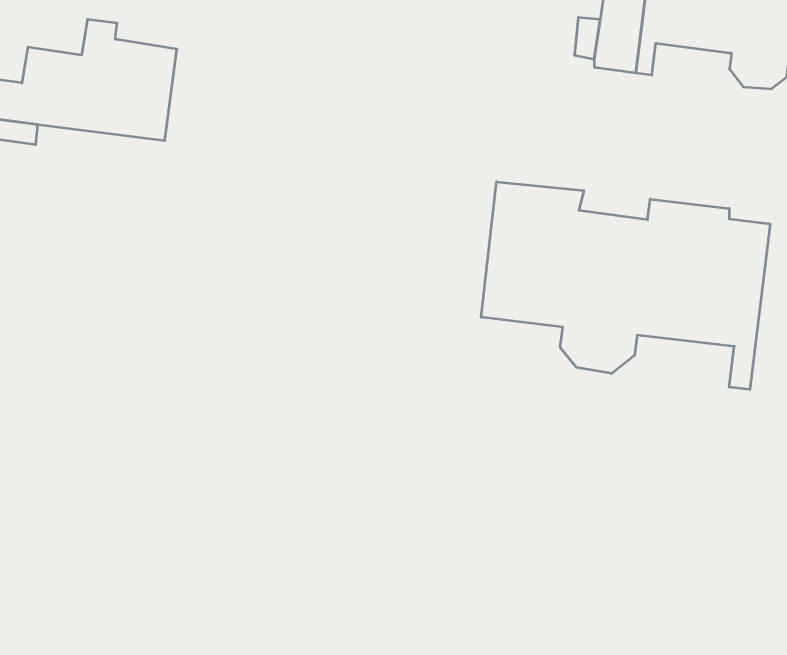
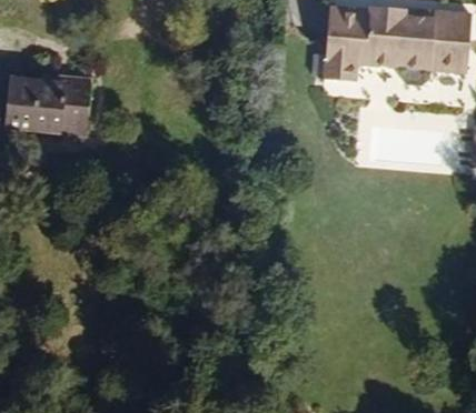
building: [481,182,770,390] -> none

